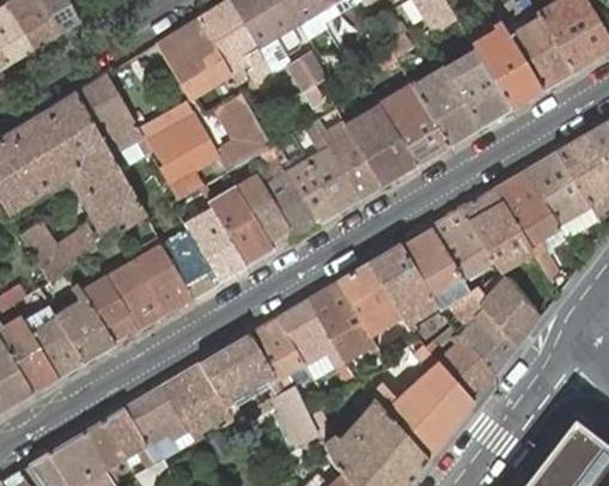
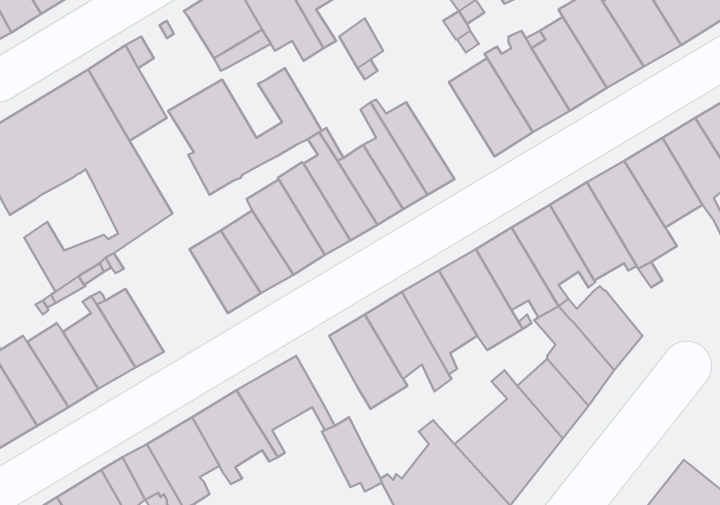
building: [345,104,416,186] -> none
building: [106,244,193,330] -> none
building: [250,317,309,377] -> none

